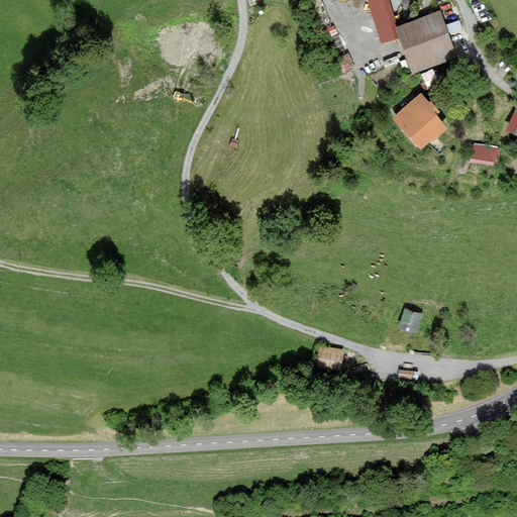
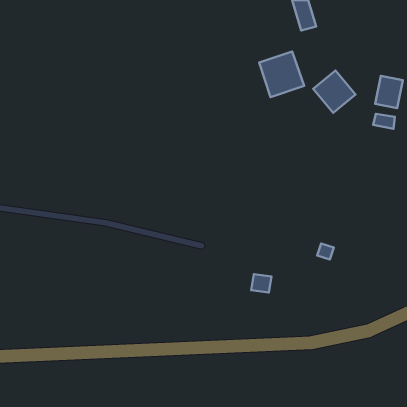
building: [398,13,454,71] -> [259,51,304,97]
building: none -> [375,76,403,108]

